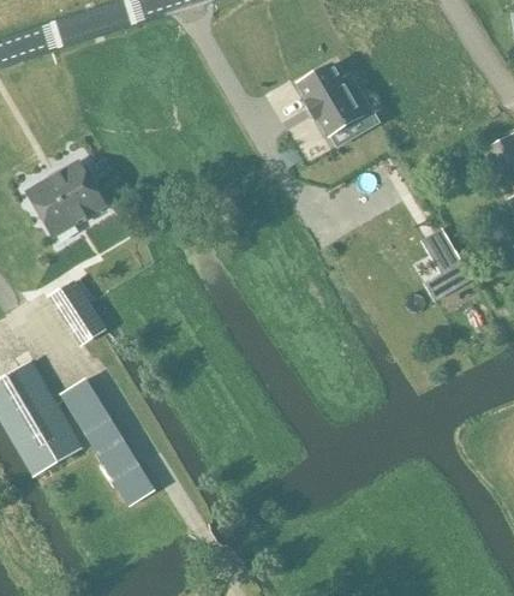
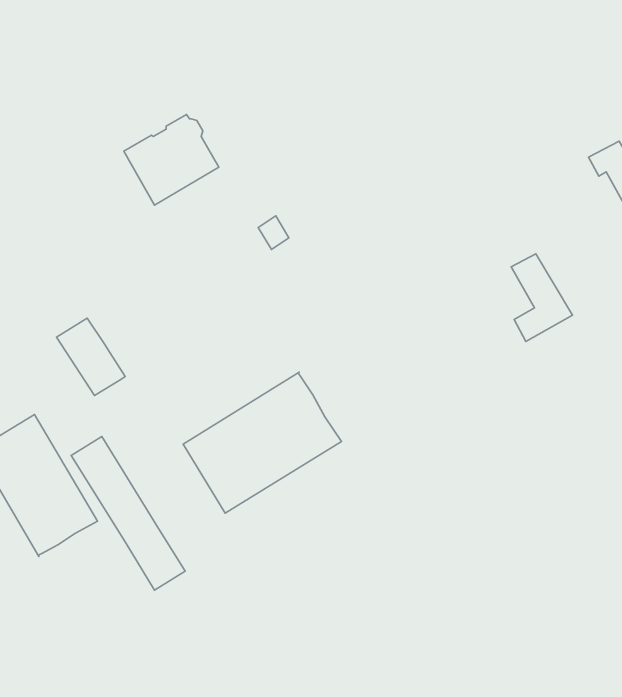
building: [298,62,371,135] -> none
building: [26,160,104,234] -> [124,115,219,205]
building: none -> [183,372,341,513]

